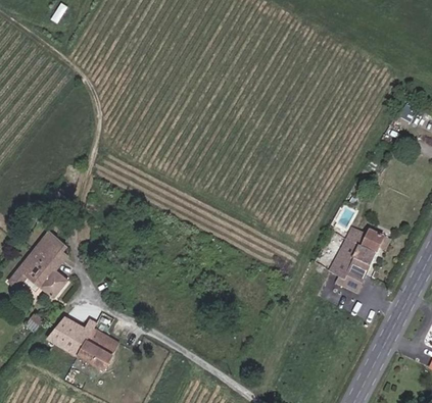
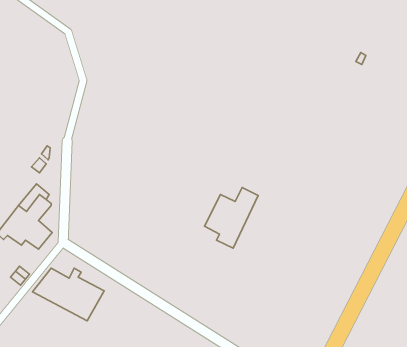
building: [329,225,384,288] -> [204,187,258,248]

